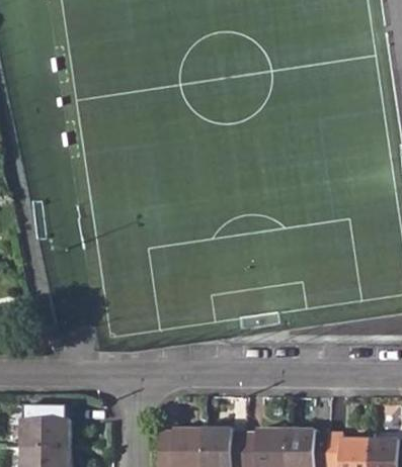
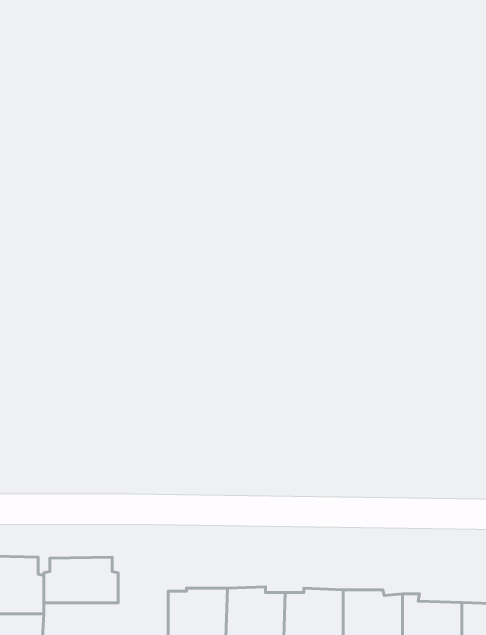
building: none -> [44,557,118,603]

